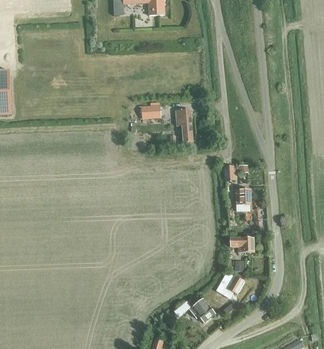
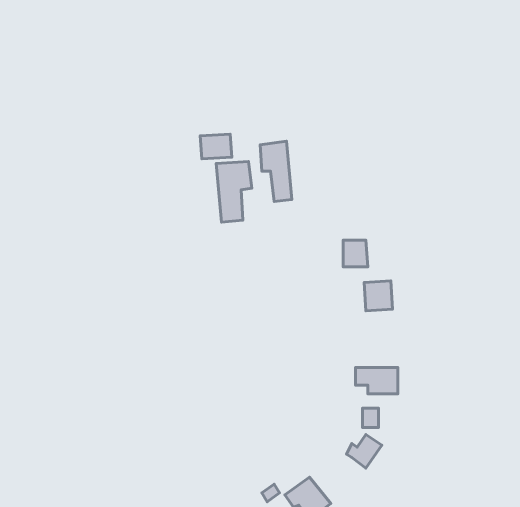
building: none -> [216,162,252,222]

